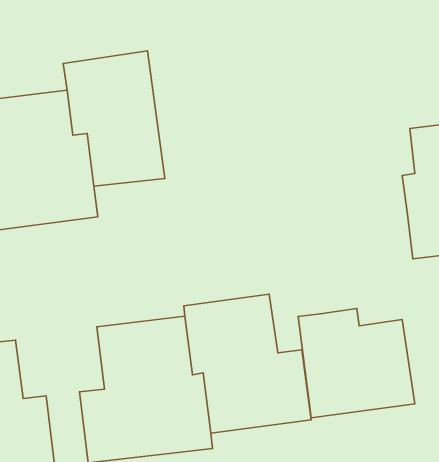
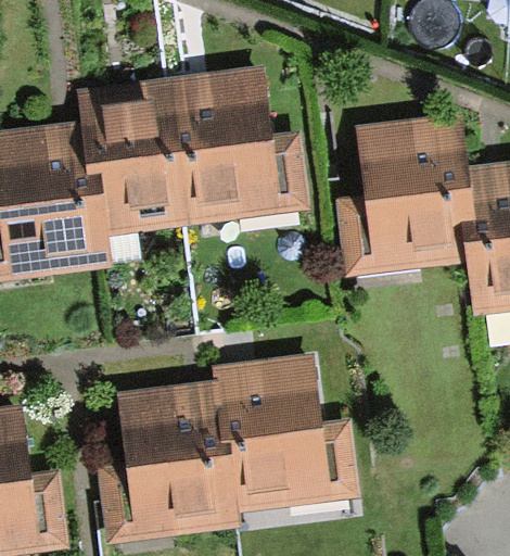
building: none -> [171,67,309,223]
building: none -> [332,116,474,278]
building: [298,309,415,418] -> none

